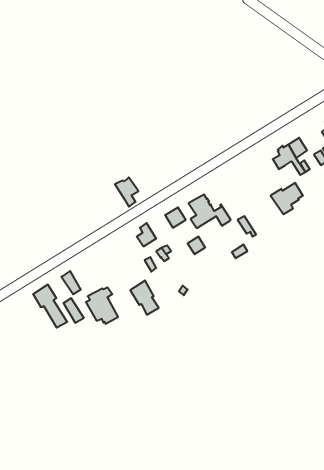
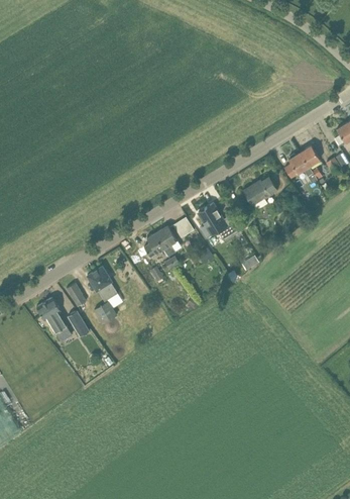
building: [115,177,138,207] -> [154,226,179,257]
building: [271,183,303,214] -> [244,178,277,210]
building: [130,280,159,315] -> [88,266,117,301]

